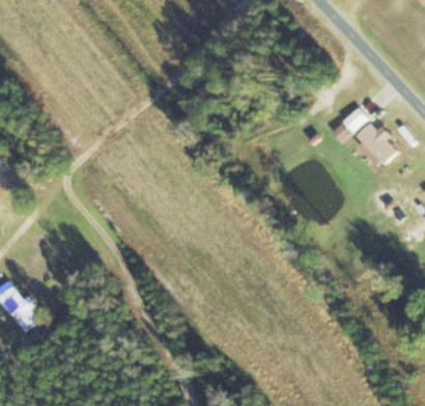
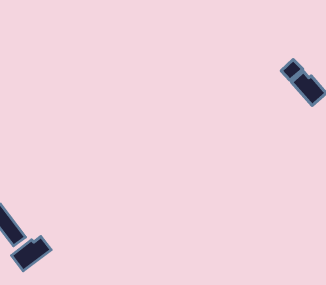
building: none -> [12,237,51,271]

